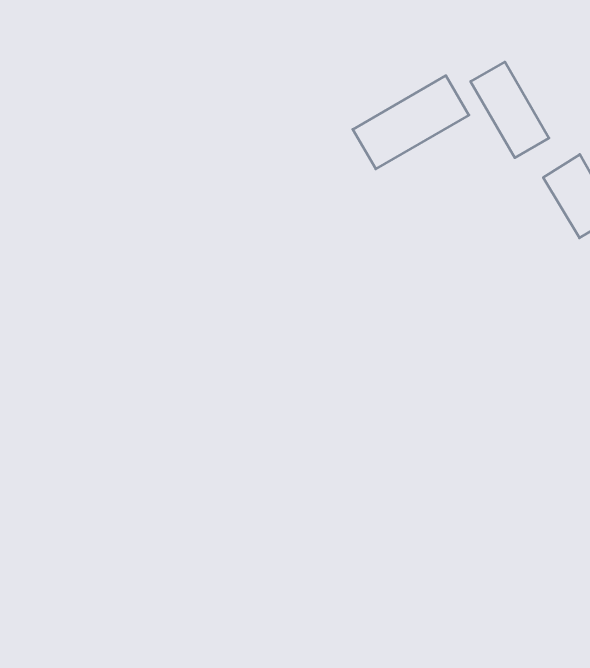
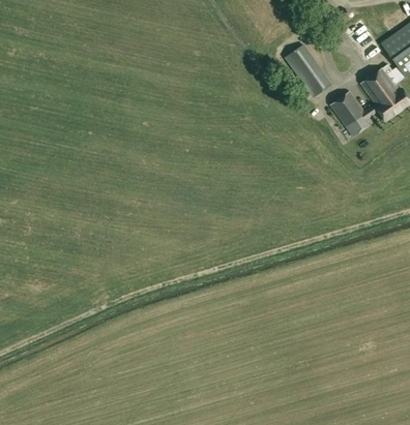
building: [353,76,469,169] -> none

